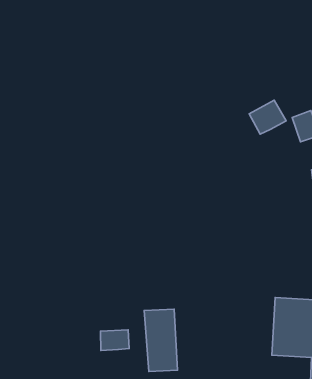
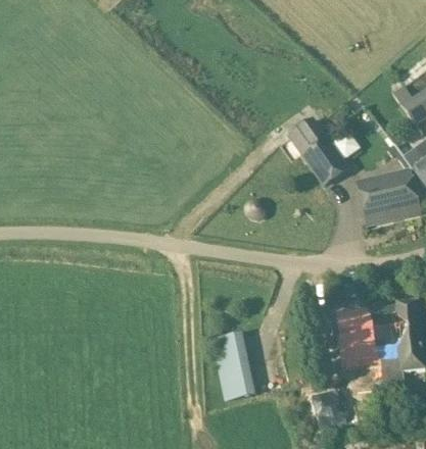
building: none -> [302,138,347,184]
building: [101,330,129,351] -> none

